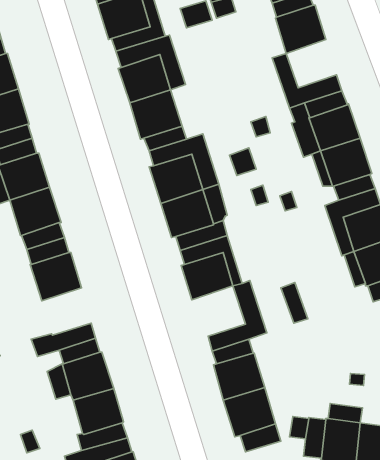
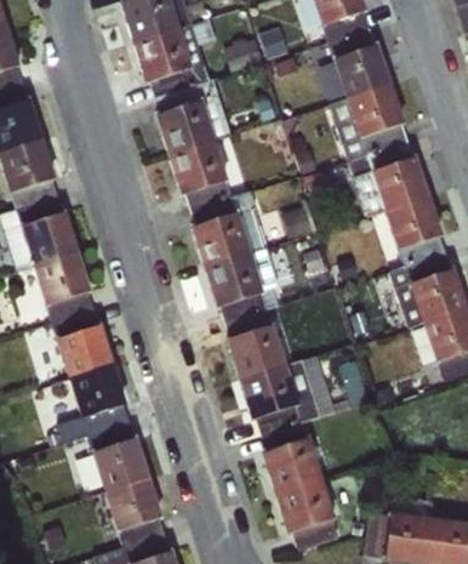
building: none -> [347,85,405,139]
building: none -> [240,364,301,422]
building: none -> [70,366,127,420]

